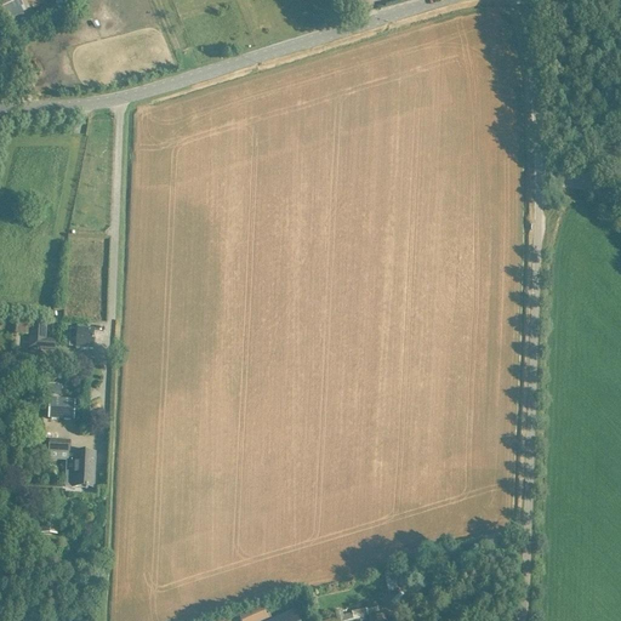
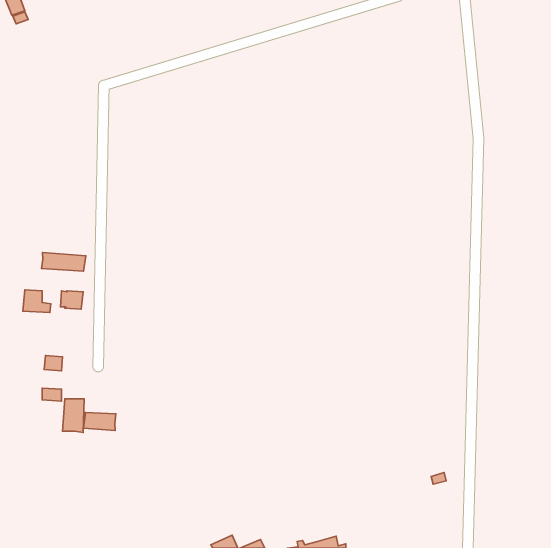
building: none -> [41,252,86,271]
building: none -> [84,412,116,430]

